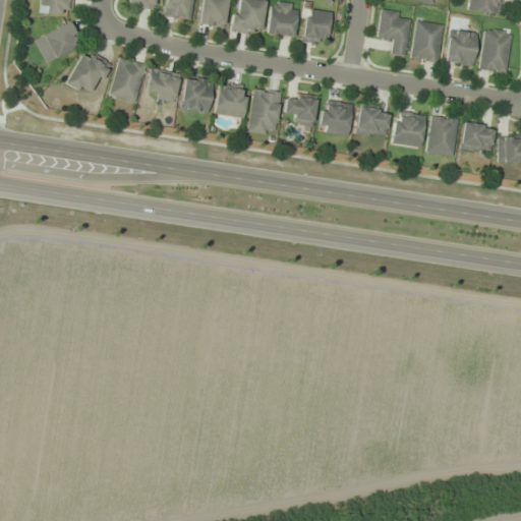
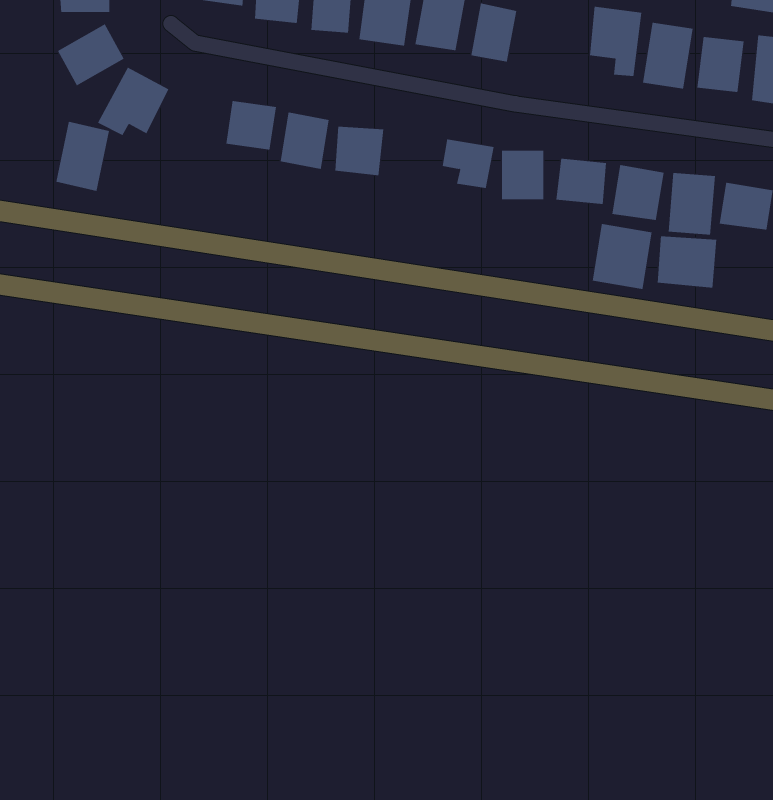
building: [112,57,147,102] -> [55,121,110,192]
building: [249,88,282,134] -> none
building: none -> [592,223,652,290]
building: none -> [657,235,717,289]

